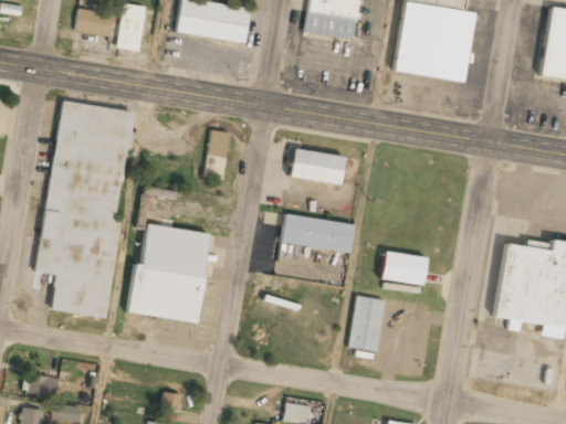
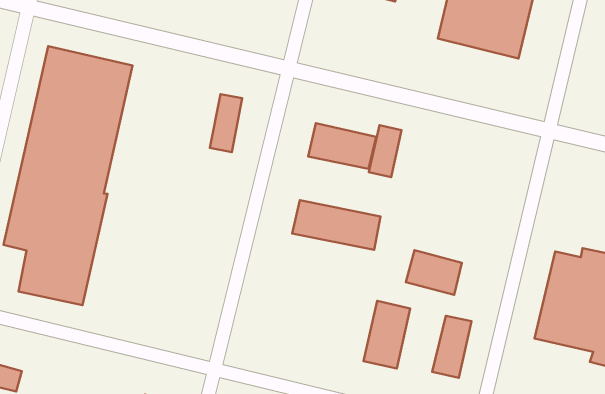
building: none -> [369,125,402,177]
building: [127,224,210,322] -> none
building: none -> [432,316,471,378]

